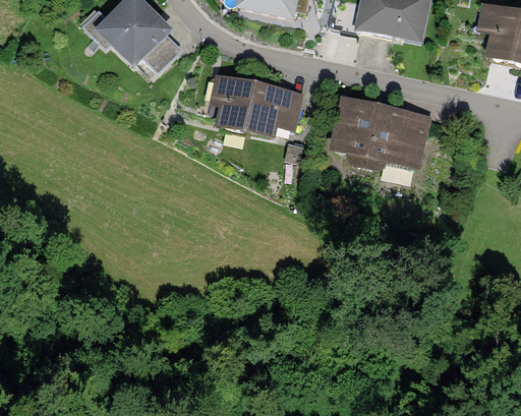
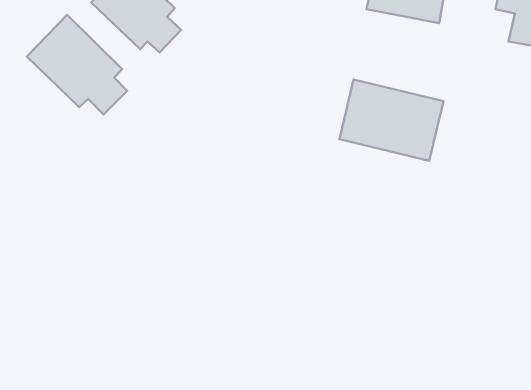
building: none -> [27,15,127,114]
building: [211,76,299,140] -> none

